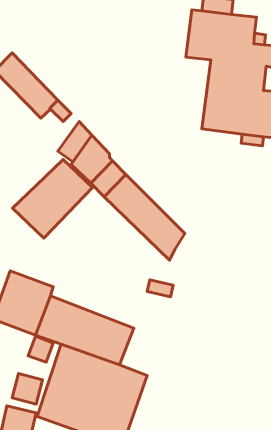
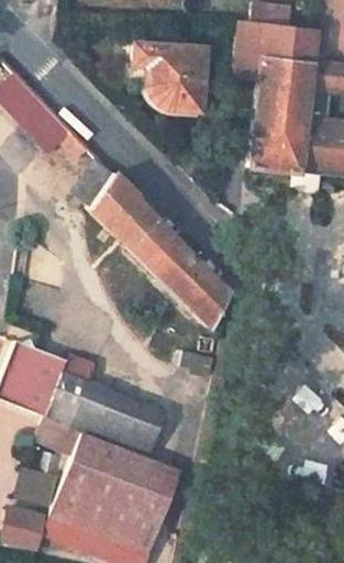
building: none -> [134,44,207,112]
building: [12,159,93,238] -> none

